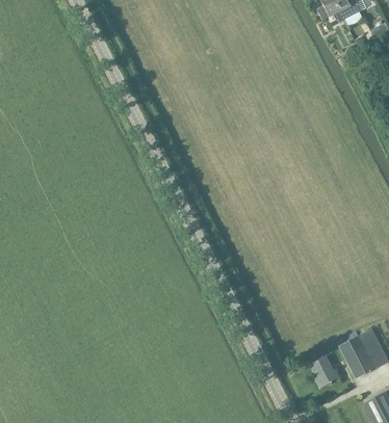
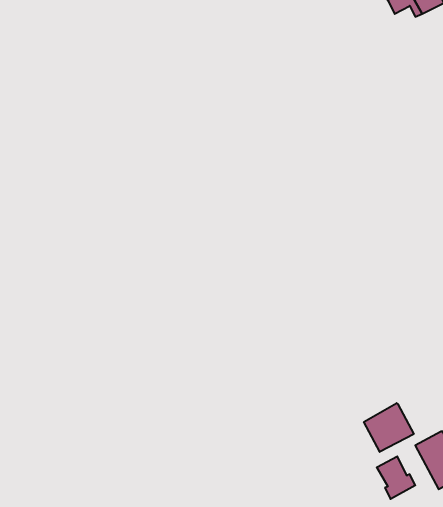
building: none -> [364,403,414,452]

